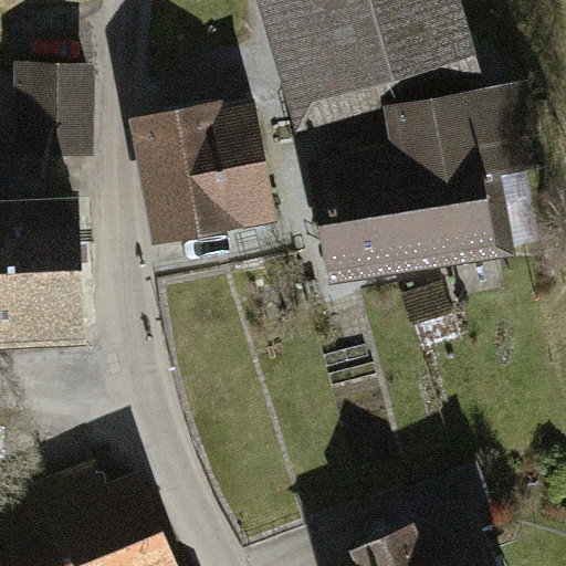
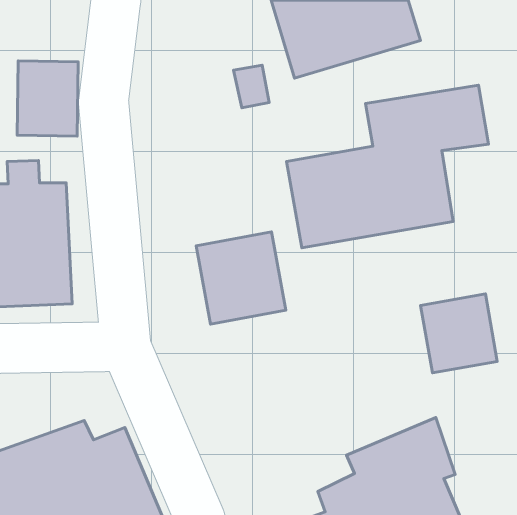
building: [139,112,274,244] -> none
building: none -> [196,232,286,324]
building: none -> [421,294,497,373]

